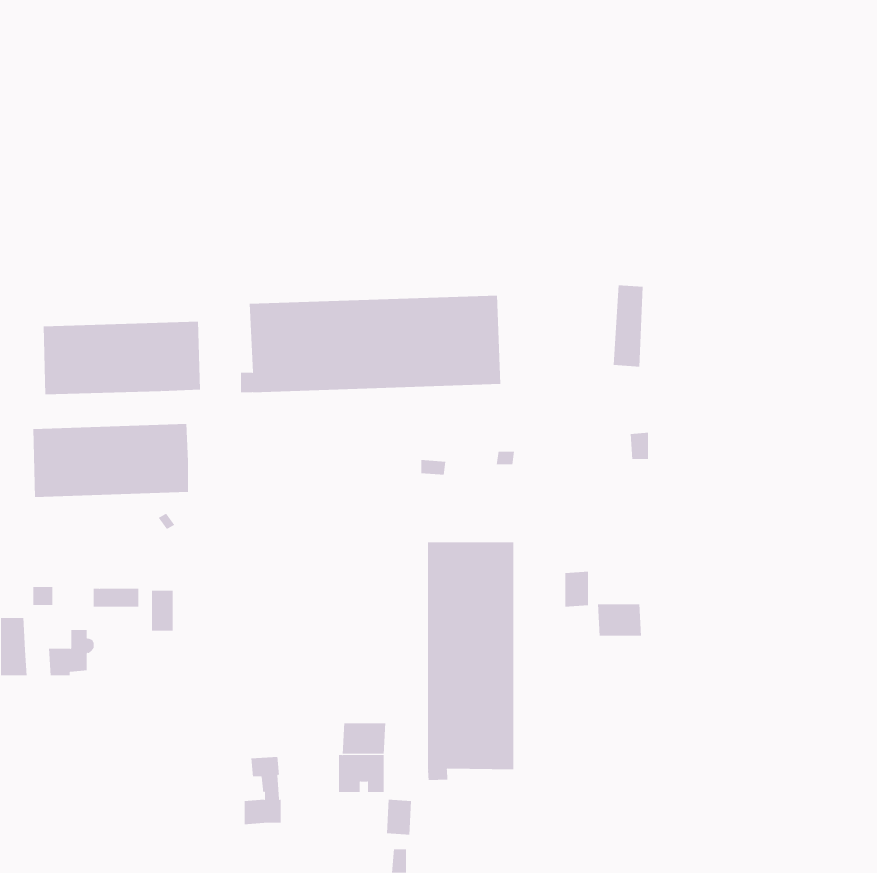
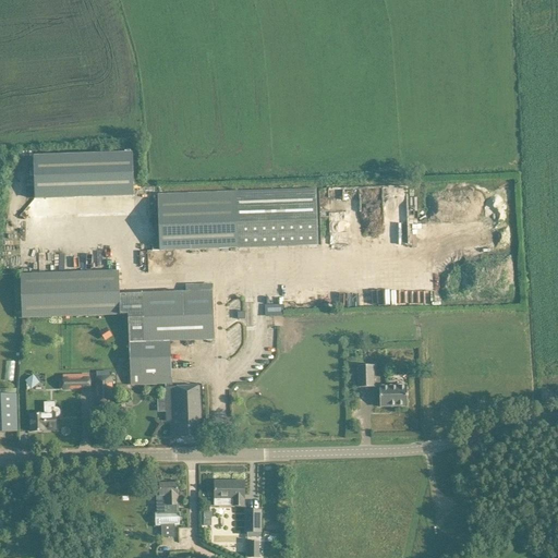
building: [43,321,201,395] -> [34,150,134,197]
building: none -> [120,281,215,435]
building: [428,541,514,781] -> none
building: [342,723,386,755] -> none

